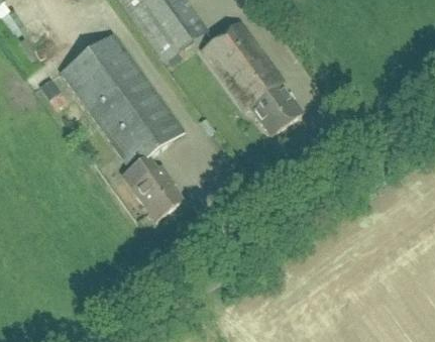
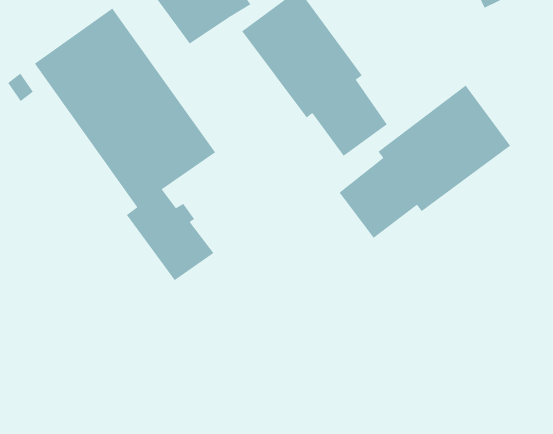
building: none -> [339,85,511,239]

